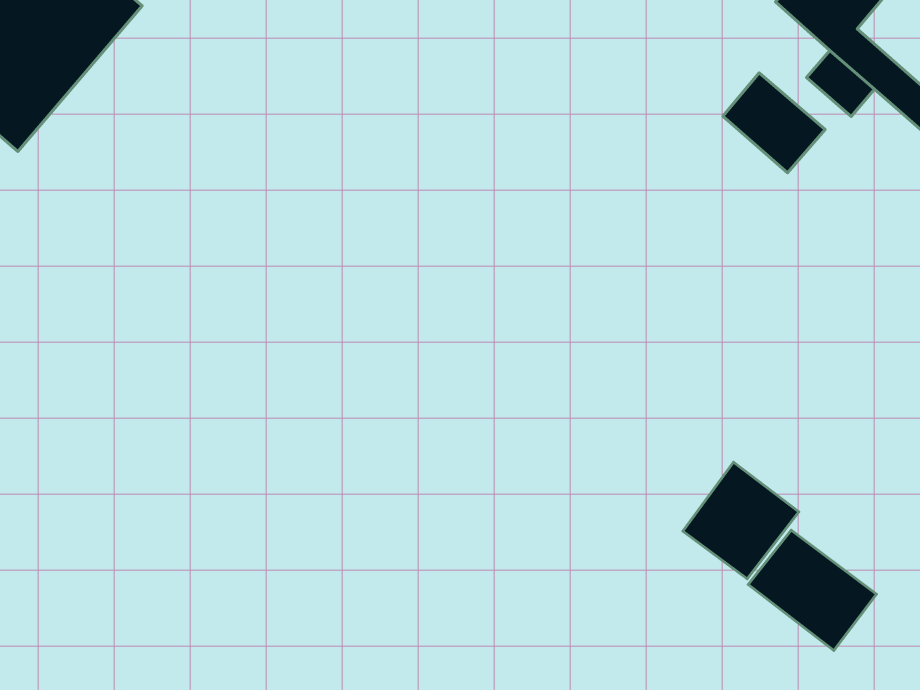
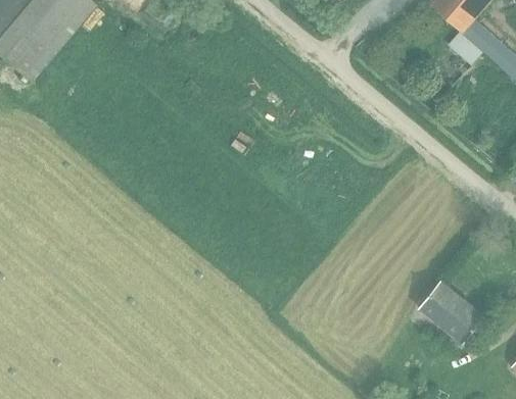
building: [723,73,825,173] -> none
building: [683,462,799,579] -> none

